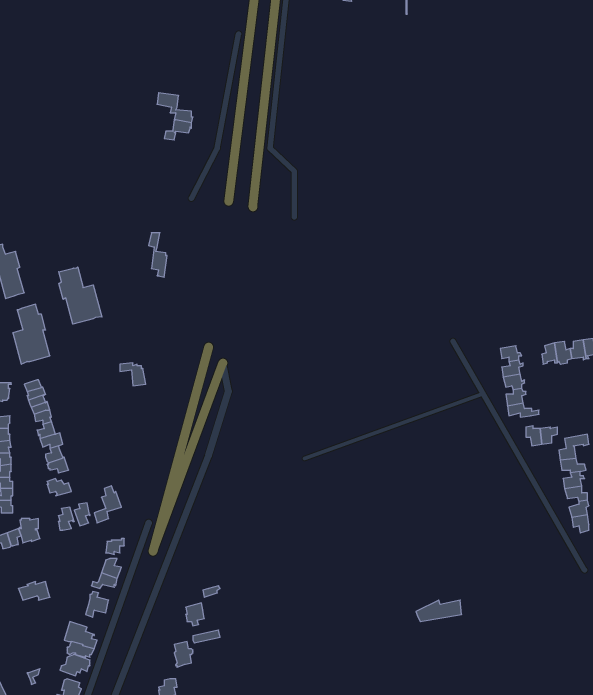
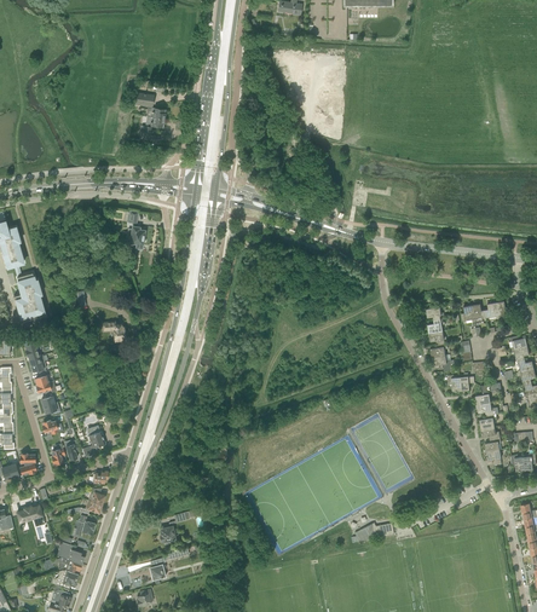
building: [59,267,102,324] -> none

